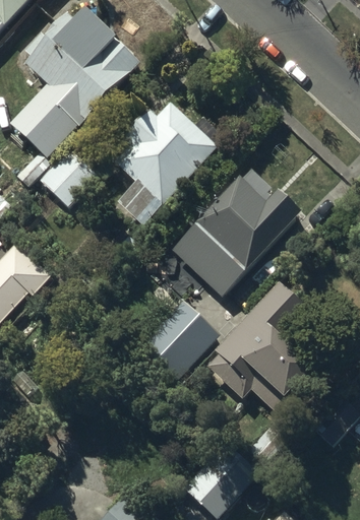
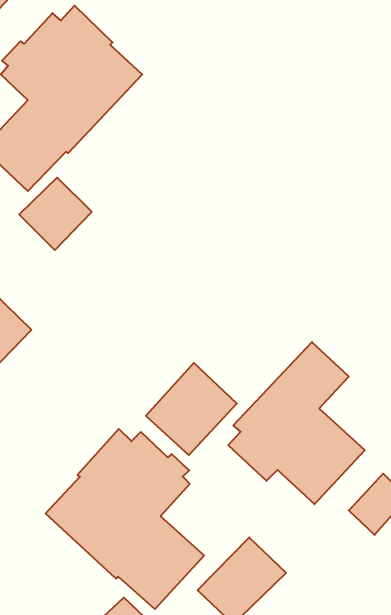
building: [115,105,229,230] -> none
building: [172,179,302,297] -> none
building: none -> [46,429,204,609]

